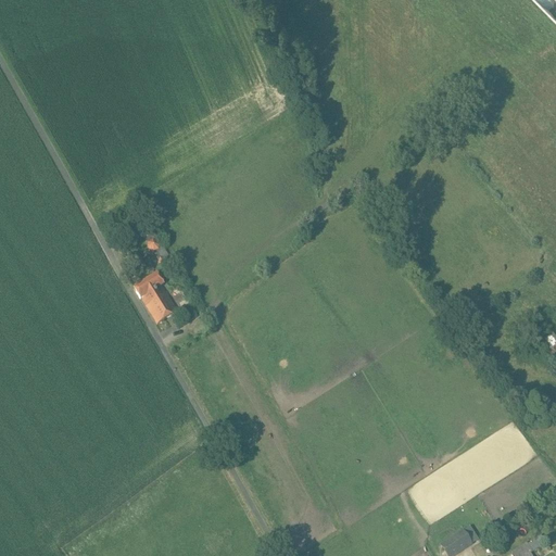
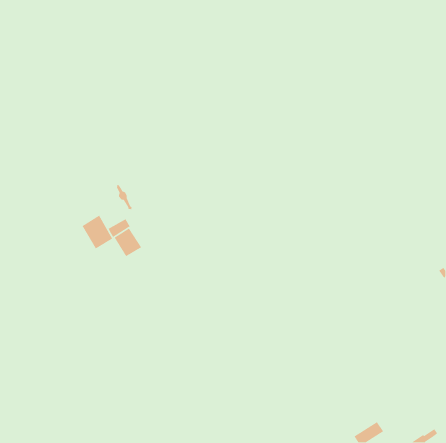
building: none -> [81,215,113,249]

